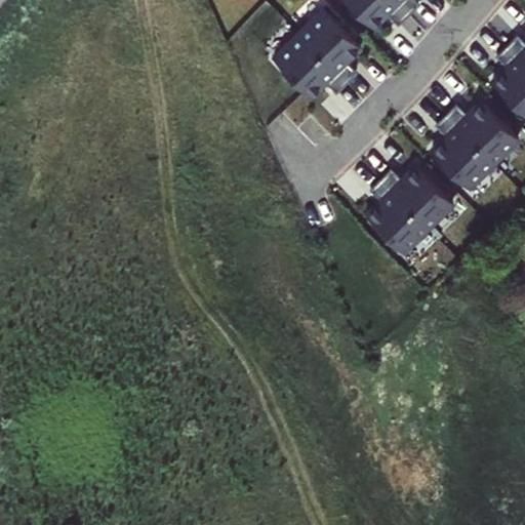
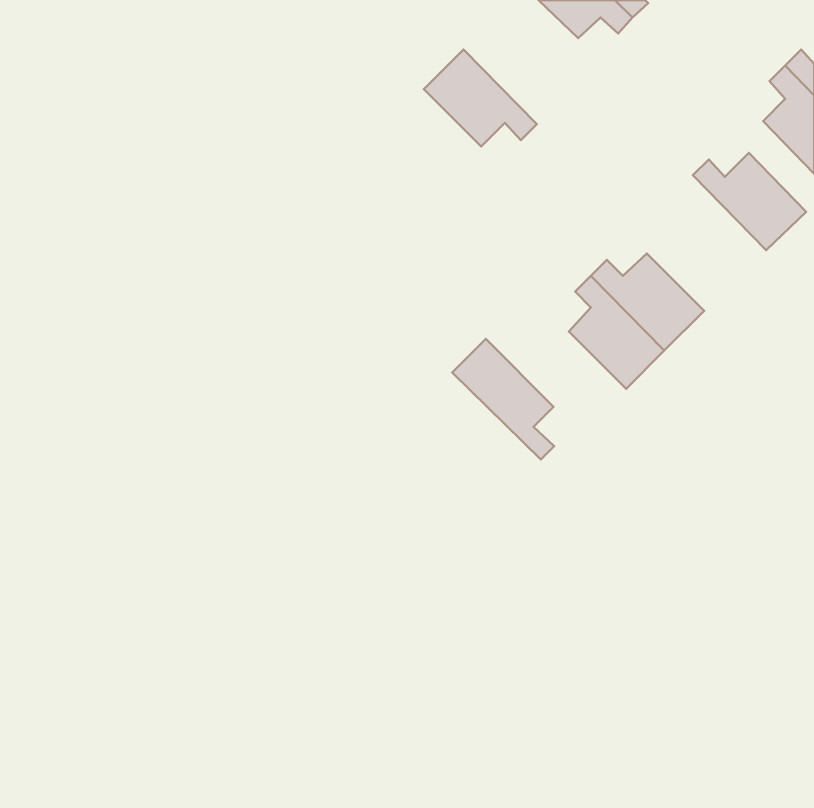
building: [298,11,361,84] -> none
building: [432,117,493,190] -> none
building: none -> [452,339,554,460]

